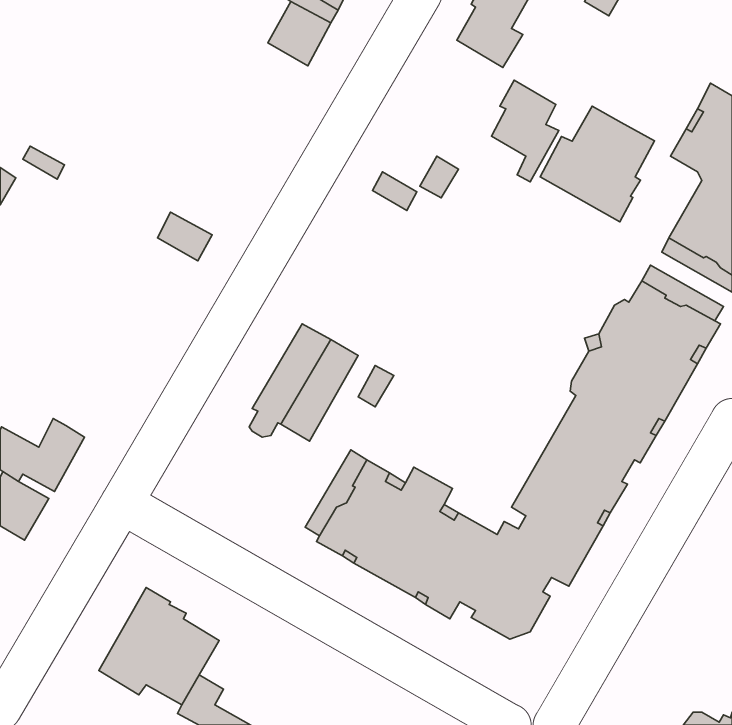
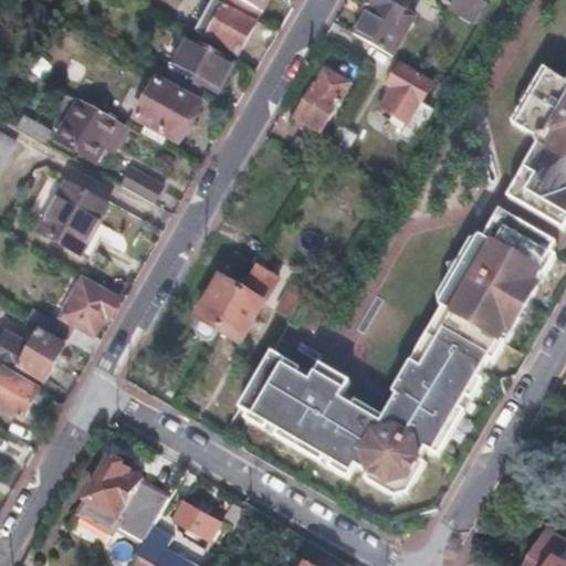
building: none -> [170,33,233,90]
building: none -> [294,65,347,128]
building: none -> [133,76,198,139]
building: [540,106,654,222] -> none
building: none -> [54,104,112,158]
building: none -> [41,185,111,256]
building: none -> [51,275,116,354]
building: none -> [174,495,222,542]

